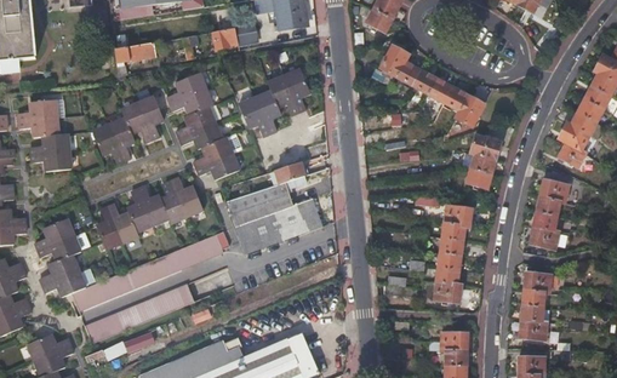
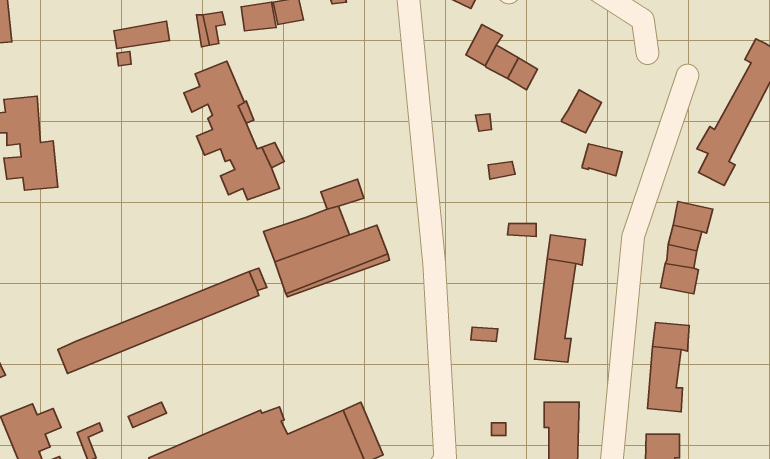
building: [239,69,309,137] -> none
building: [428,79,468,110] -> none
building: [93,97,165,164] -> none
building: [467,154,496,188] -> none
building: [97,177,204,248] -> none
building: [35,218,85,296] -> none
building: [86,280,199,342] -> none

